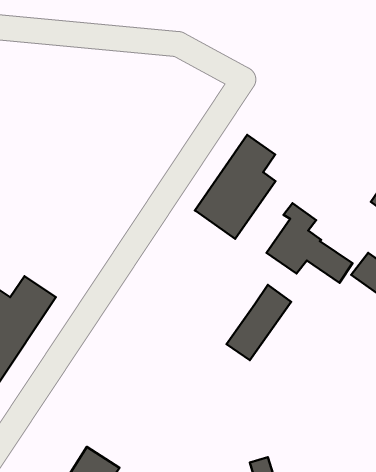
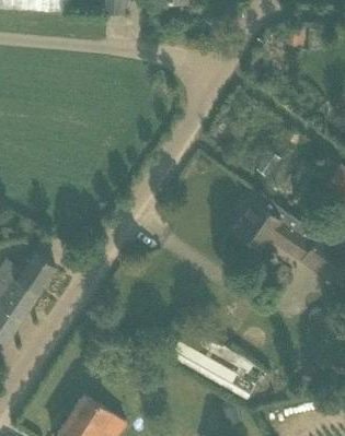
building: [195,135,276,239] -> none
building: [226,285,291,360] -> none

